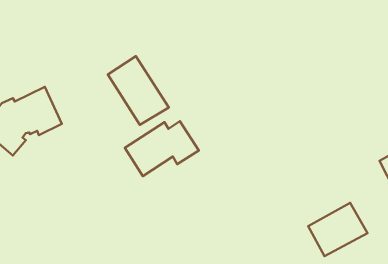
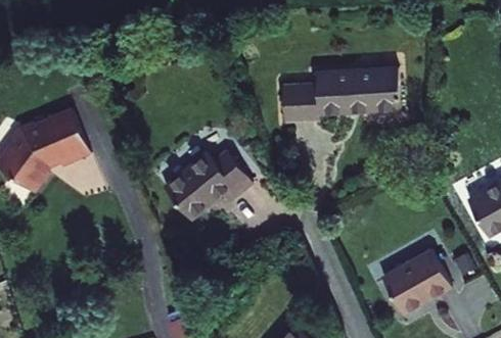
building: none -> [285,67,404,126]
building: [108,56,169,125] -> none

